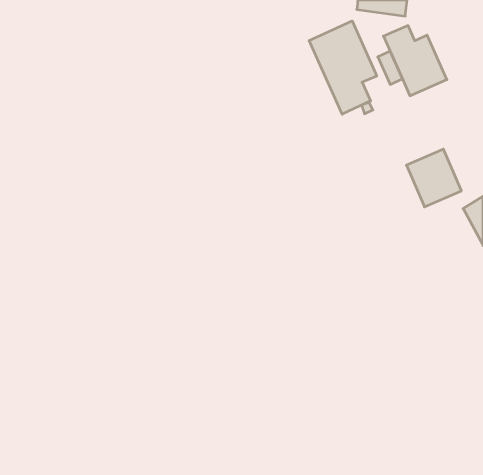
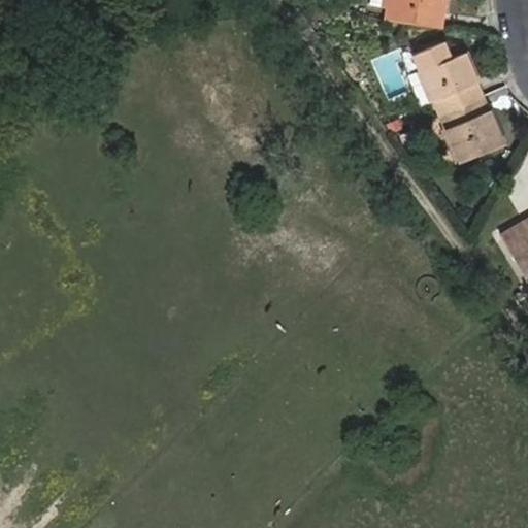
building: [309,21,377,114] -> none
building: [406,149,461,207] -> [446,97,505,160]

